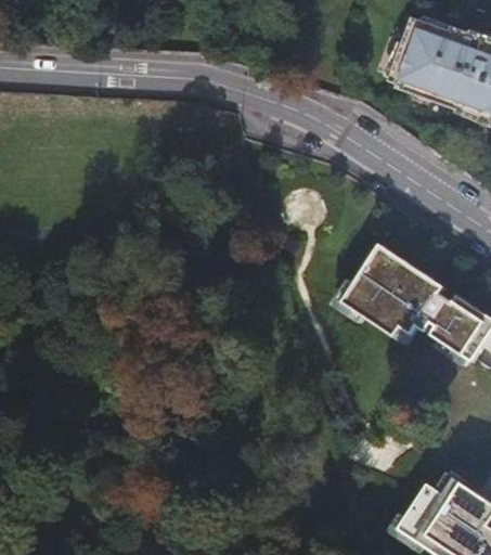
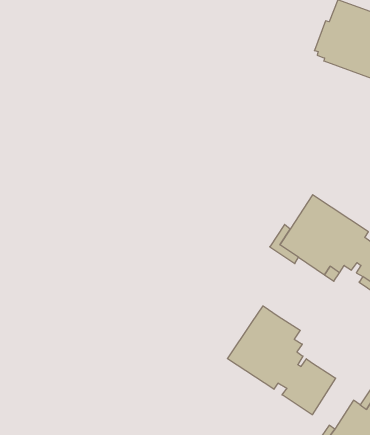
building: none -> [227,306,336,415]

